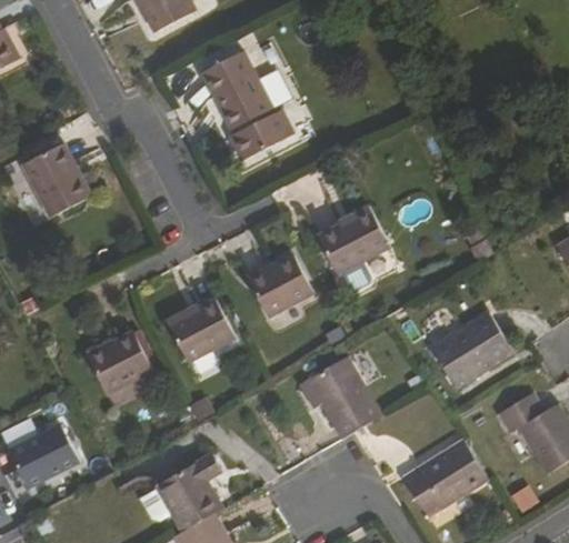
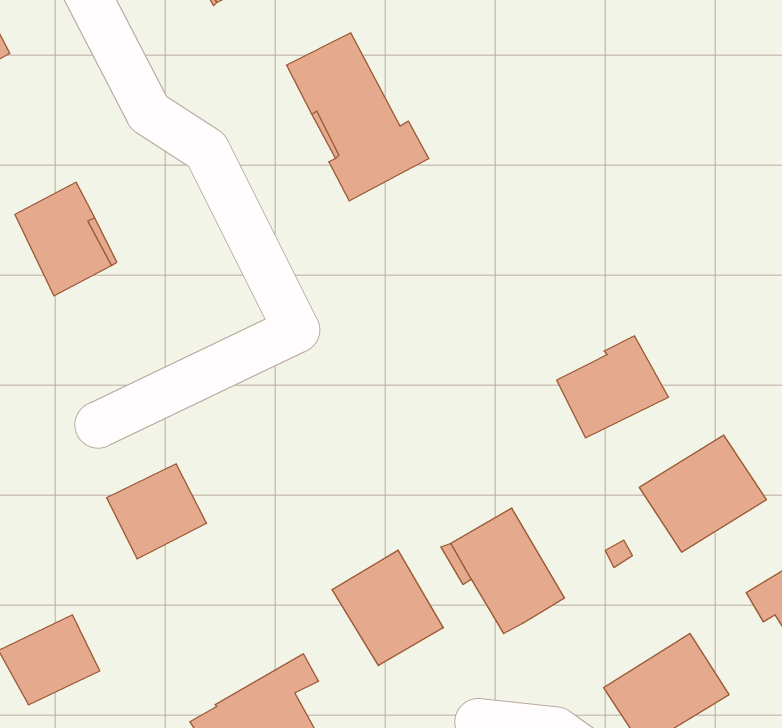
building: [312,204,386,271] -> [557,336,669,438]
building: [242,254,307,314] -> none
building: [161,298,231,359] -> none
building: none -> [332,550,443,666]

